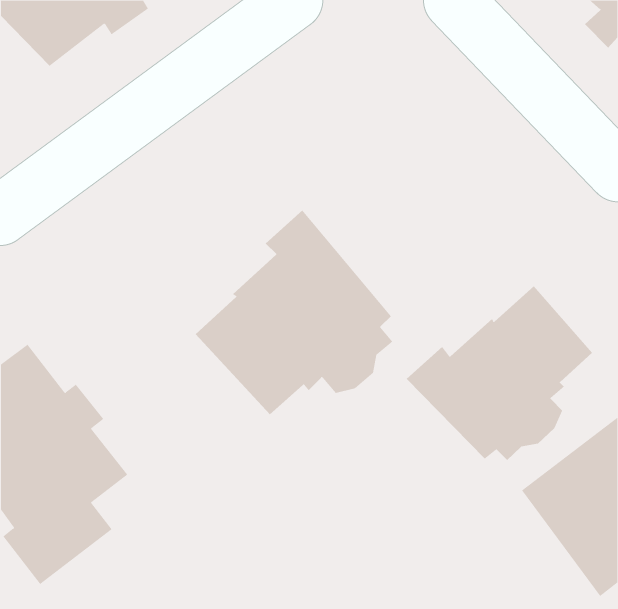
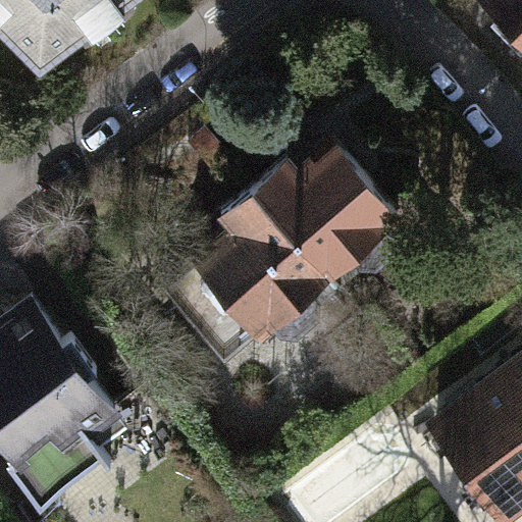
building: none -> [255,141,401,277]
building: [406,286,593,461] -> none

